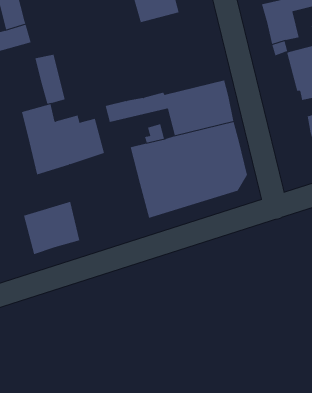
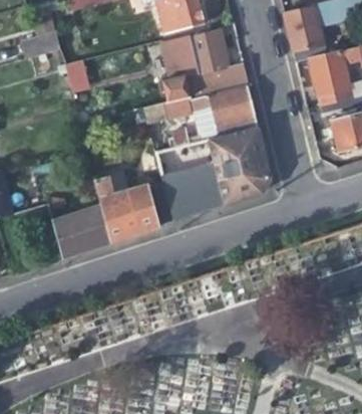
building: none -> [162,22,250,104]
building: [21,104,105,175] -> [93,173,174,242]

